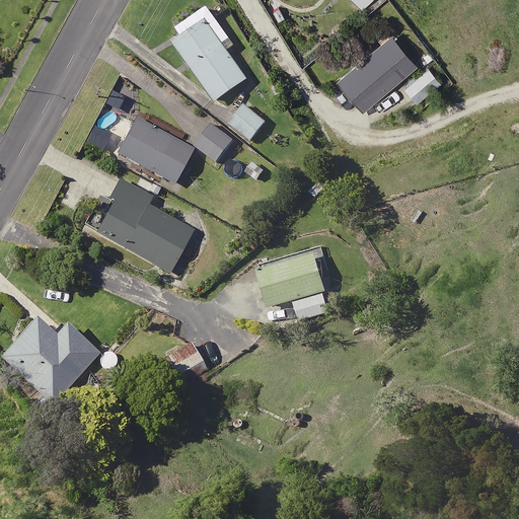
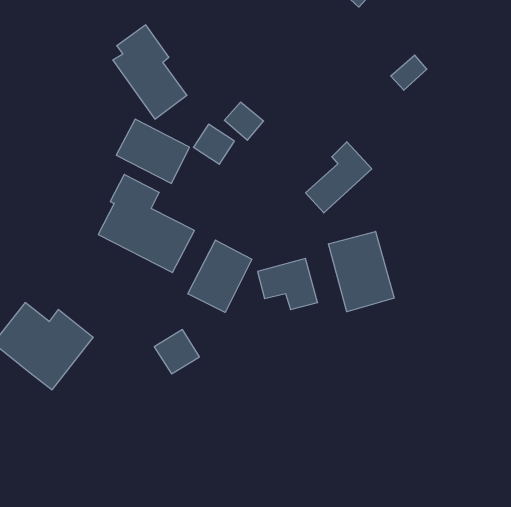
building: [175,9,250,104] -> [113,25,187,119]
building: [339,28,405,100] -> [306,142,372,213]
building: none -> [328,231,394,312]
building: none -> [188,240,252,312]

